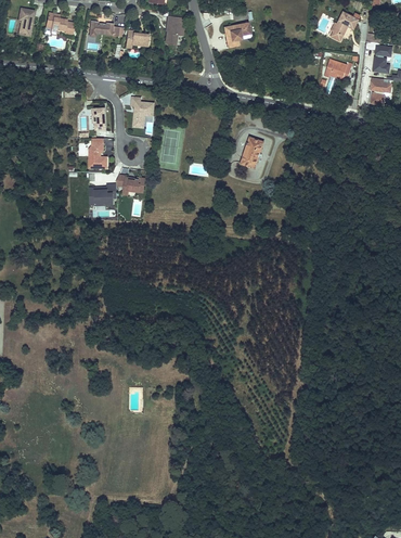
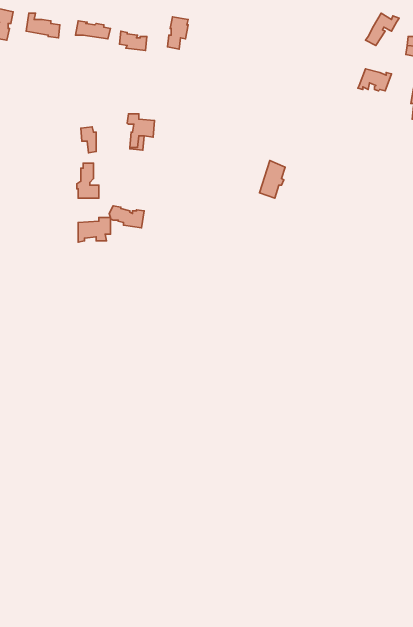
building: [224,20,251,49] -> none

